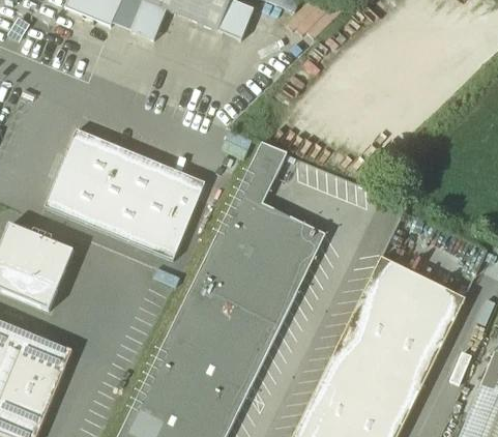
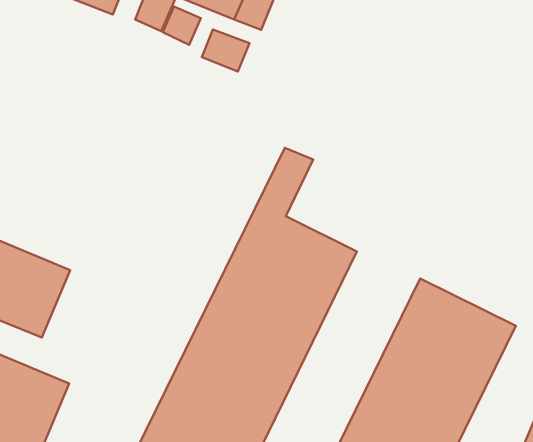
building: none -> [163,6,201,45]
building: none -> [202,30,250,72]
building: [45,133,199,252] -> none

